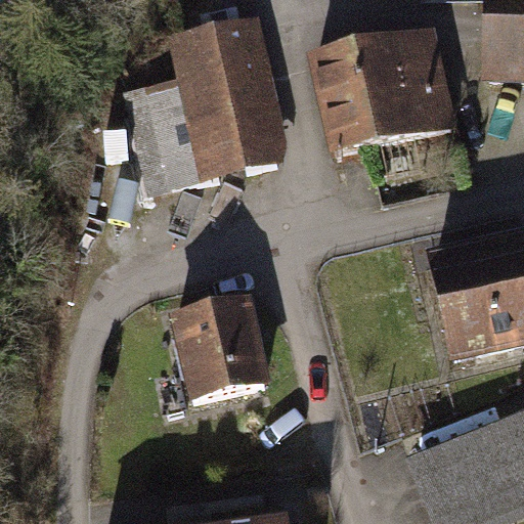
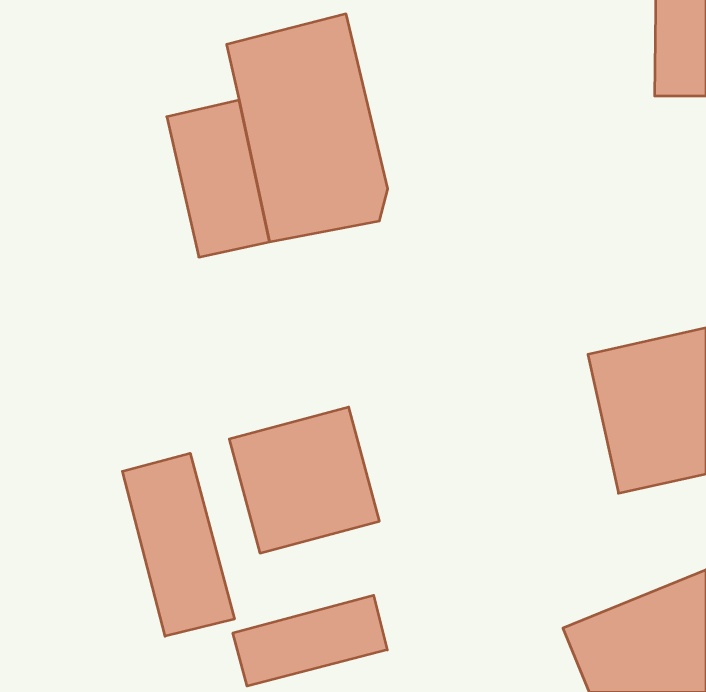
building: [316,35,445,148] -> none
building: none -> [122,453,234,636]
building: none -> [233,595,387,686]

